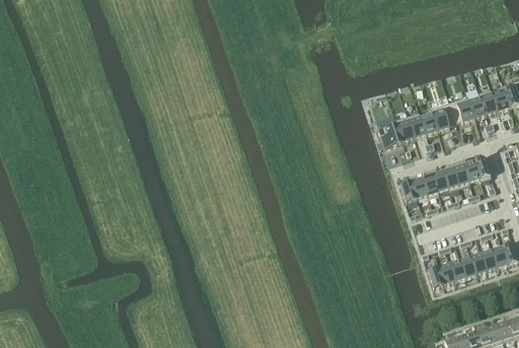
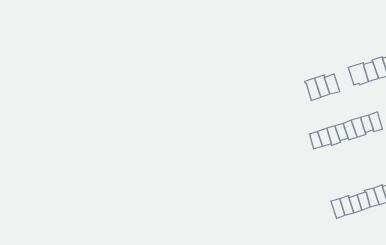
building: [433,100,458,130] -> none
building: [380,120,405,147] -> none

